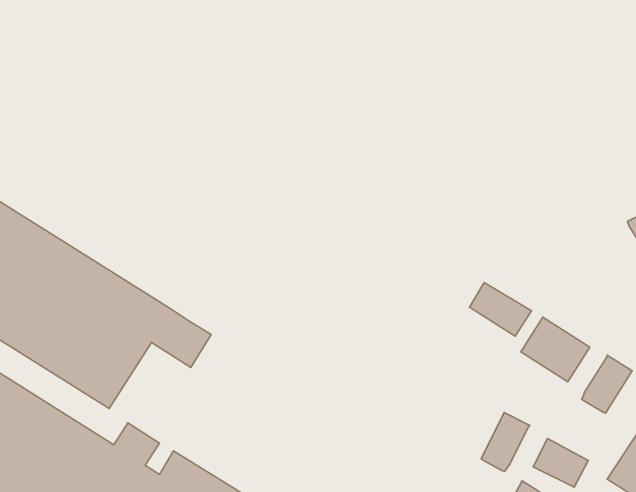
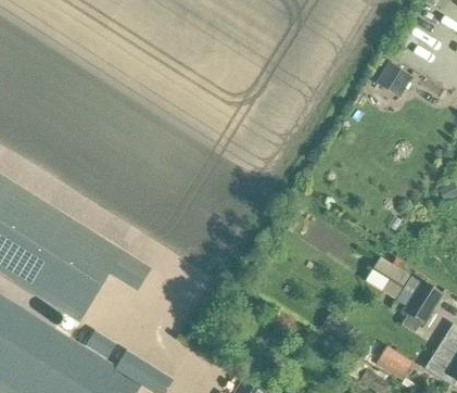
building: none -> [372,59,409,93]
building: [469,282,531,336] -> none
building: [481,413,530,471] -> none

